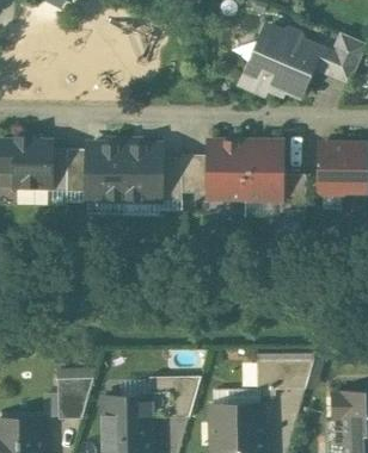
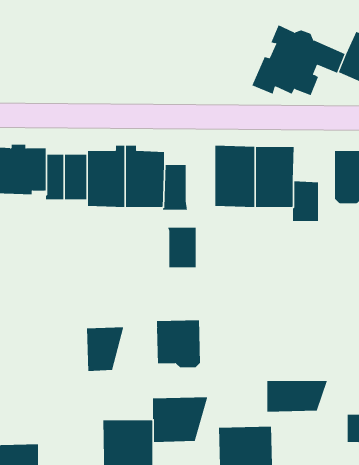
building: [179,155,207,193] -> [167,227,196,268]
building: none -> [156,320,200,368]
building: [56,379,92,421] -> [86,327,124,371]

